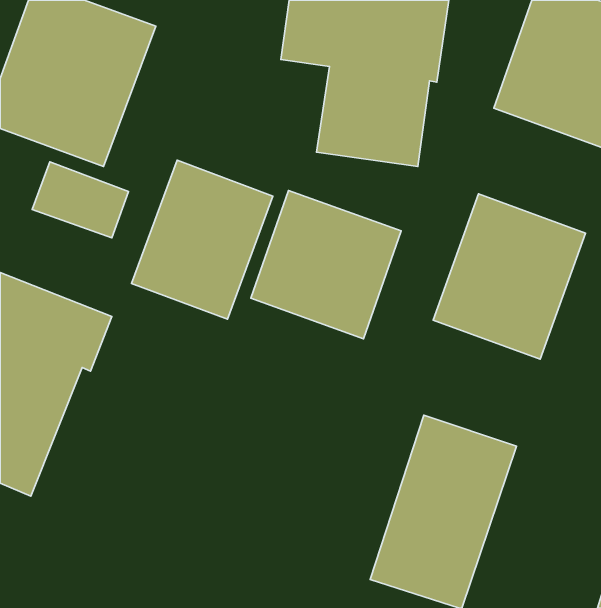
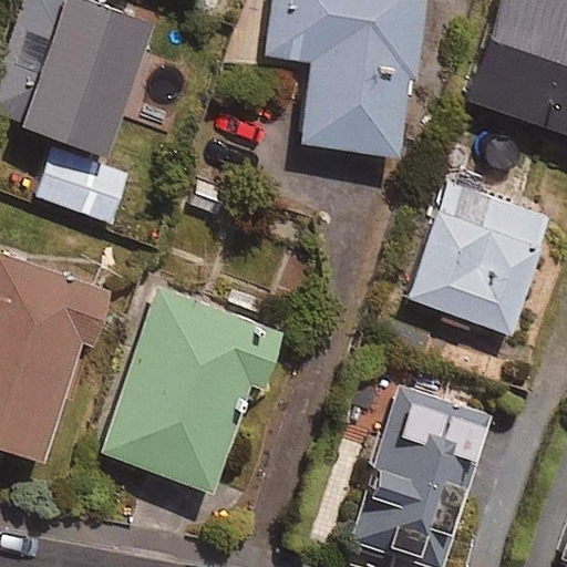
building: [132,160,273,319] -> none
building: [251,190,401,339] -> none
building: none -> [100,286,284,492]

